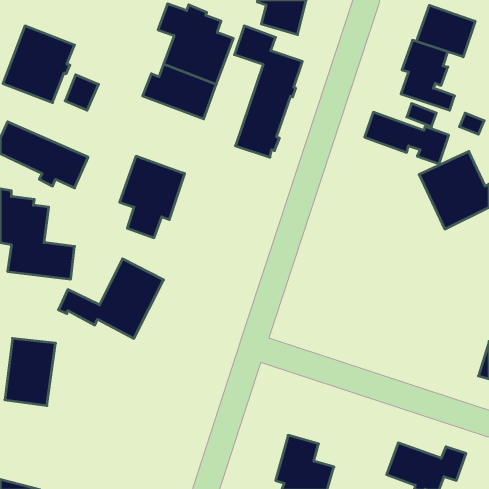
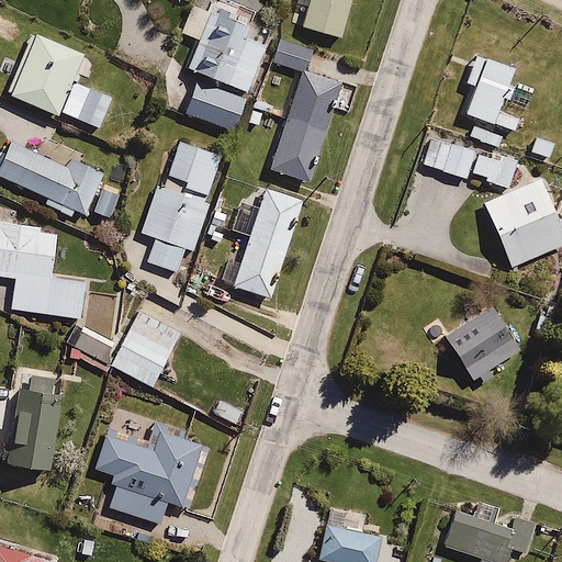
building: [417,5,475,57] -> none
building: none -> [162,138,223,199]
building: none -> [220,189,302,302]
building: none -> [441,301,521,380]
building: none -> [92,426,207,527]

